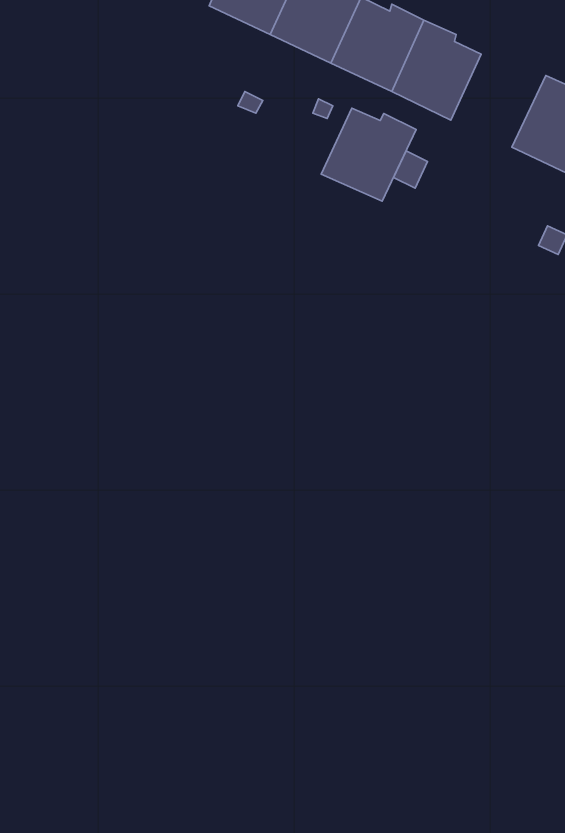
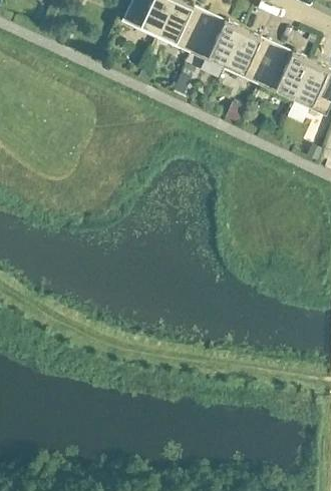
building: [321,108,416,201] -> [257,46,310,98]

